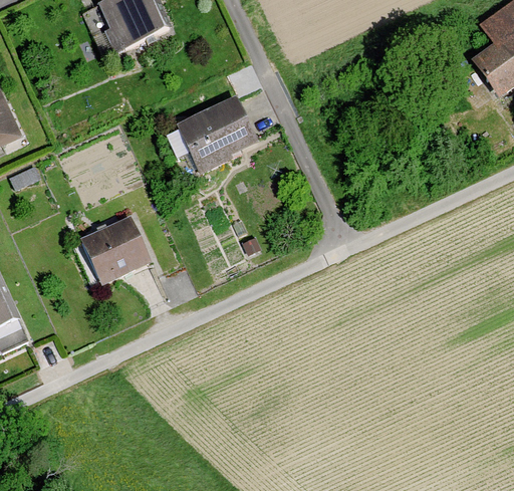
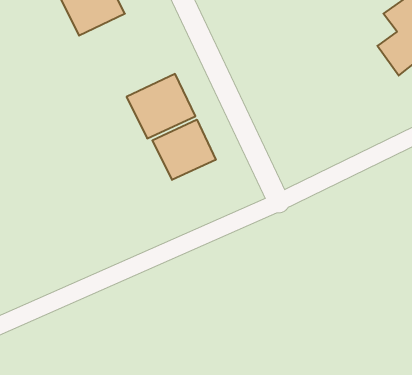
building: none -> [152,120,216,180]
building: [78,214,150,284] -> none

